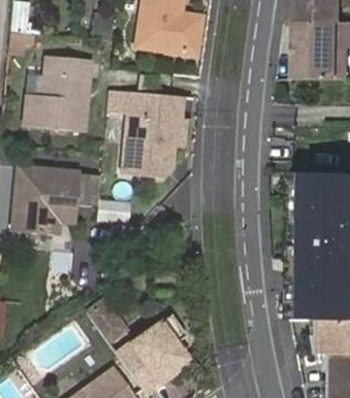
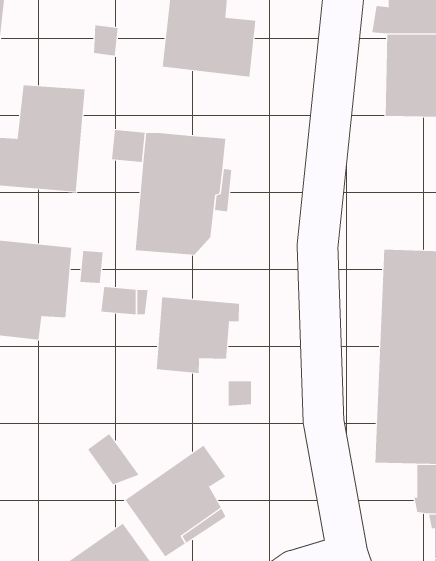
building: none -> [156,296,240,374]

